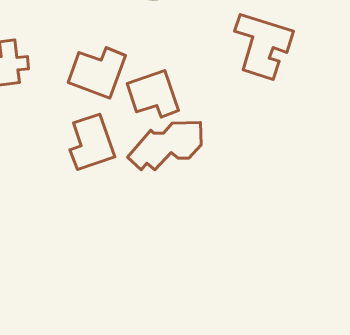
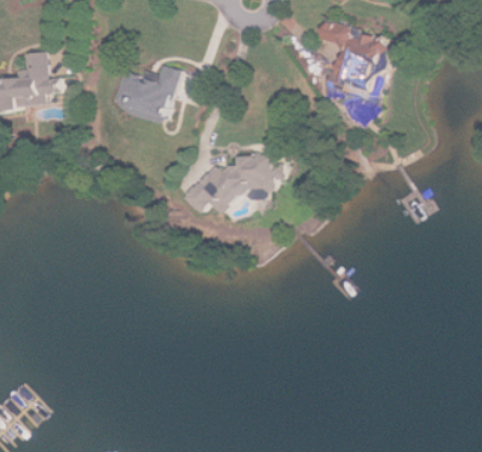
building: [127,70,179,117] -> none
building: [70,114,115,170] -> none

